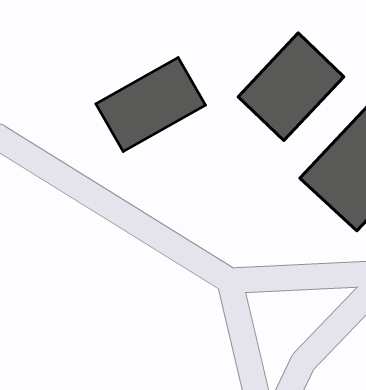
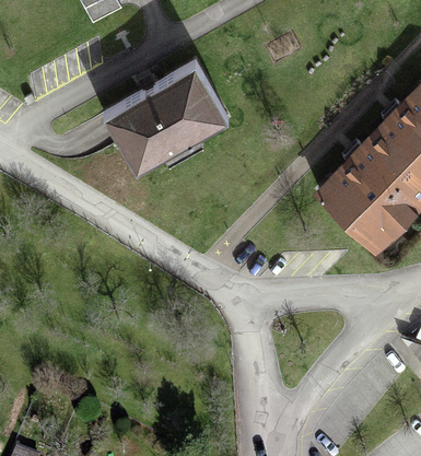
building: [238,33,344,141] -> none

